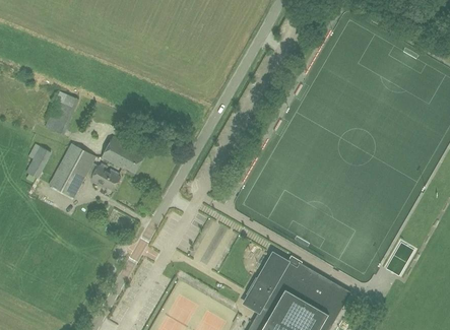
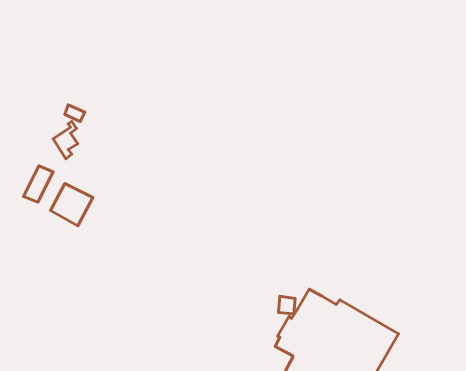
building: [102,137,143,173] -> none
building: [61,143,94,174] -> none
building: [90,166,120,191] -> none

